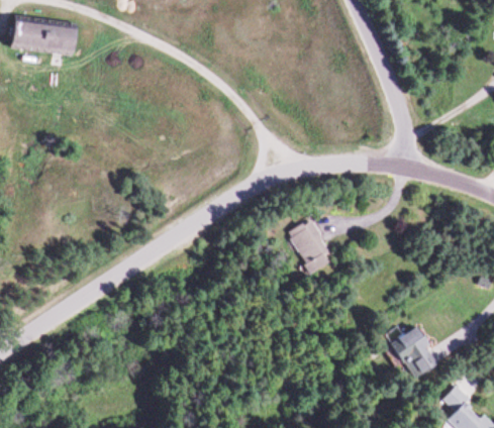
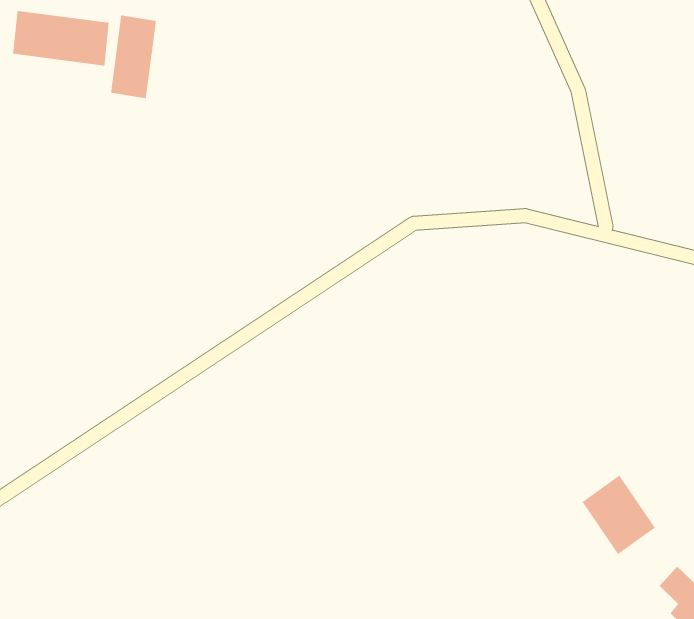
building: none -> [110,14,157,99]
building: [287,219,332,272] -> none

